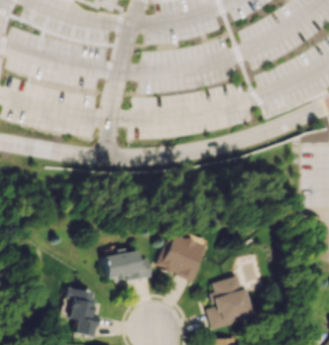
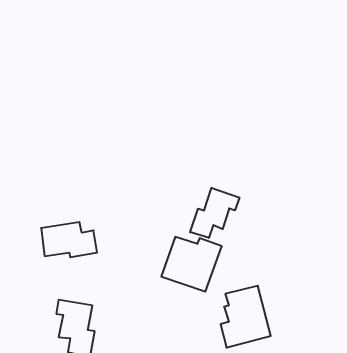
building: none -> [190,188,239,238]
building: [106,250,154,280] -> [41,222,97,257]

